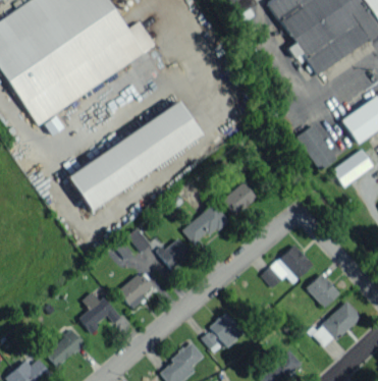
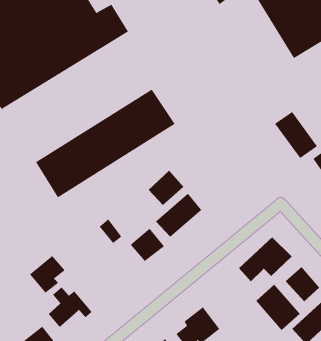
building: [222,181,257,216] -> [148,170,184,206]
building: [118,272,153,309] -> [29,255,65,293]
building: none -> [255,284,300,331]

